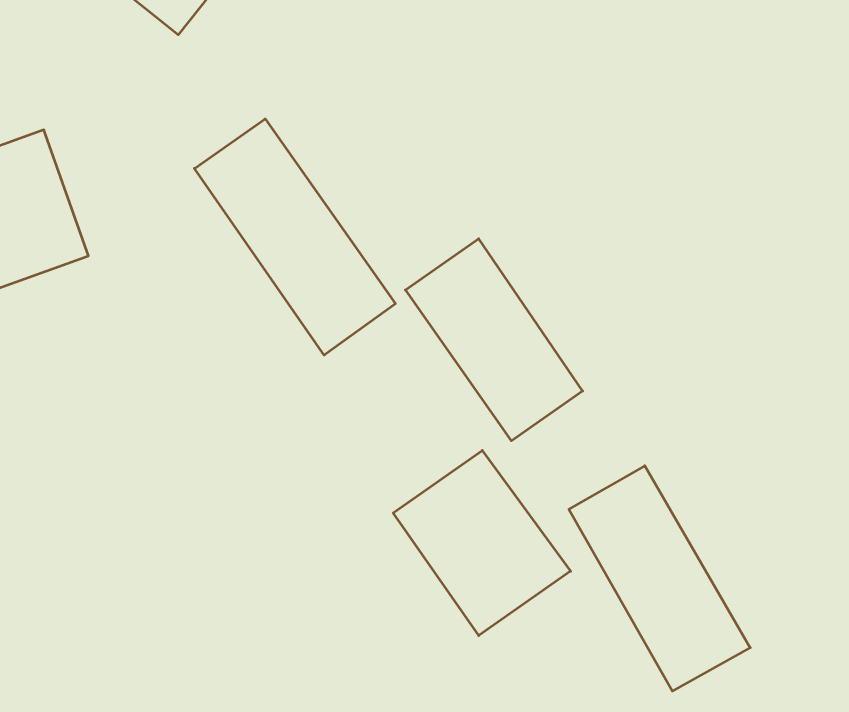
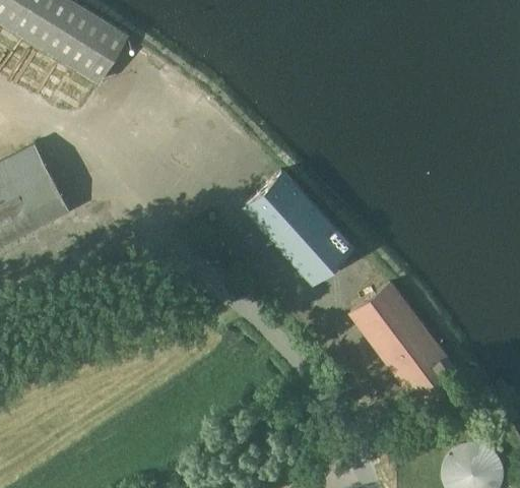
building: [194,119,395,355] -> none
building: [393,450,571,636] -> none

